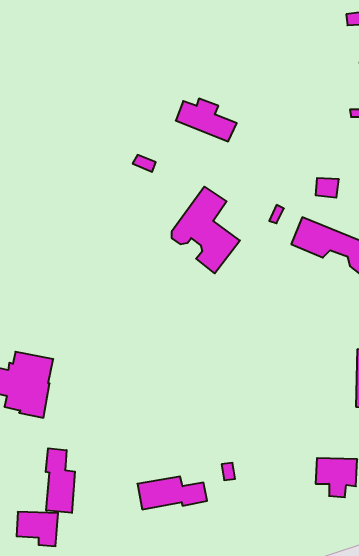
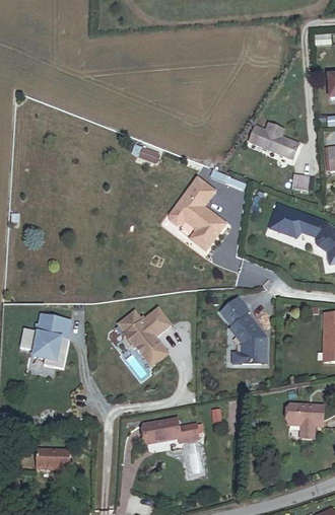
building: [176,99,237,141] -> [249,123,299,158]
building: none -> [220,296,266,363]
building: none -> [119,307,171,365]
building: [46,448,75,513] -> none

